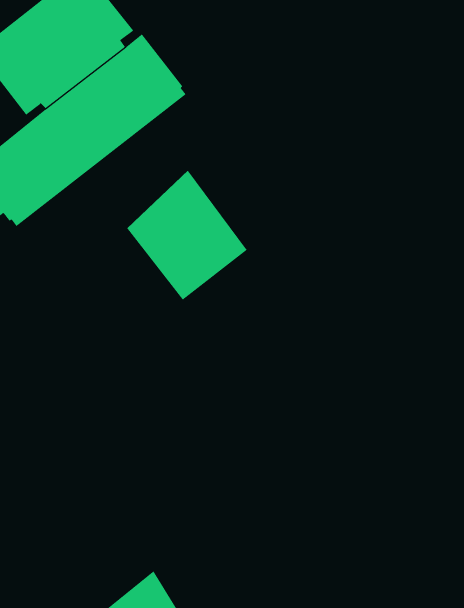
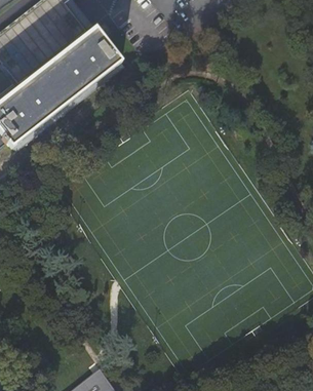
building: [126,170,248,301] -> none

